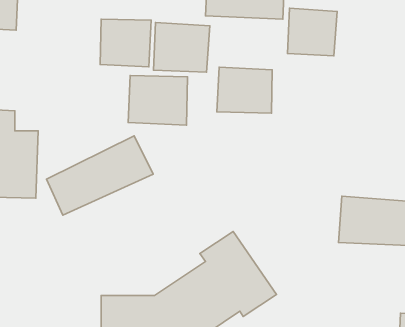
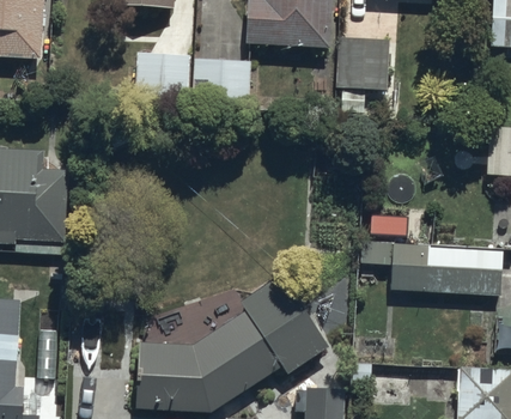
building: [217,67,272,113] -> none
building: [128,75,188,125] -> none
building: [46,136,153,215] -> none

